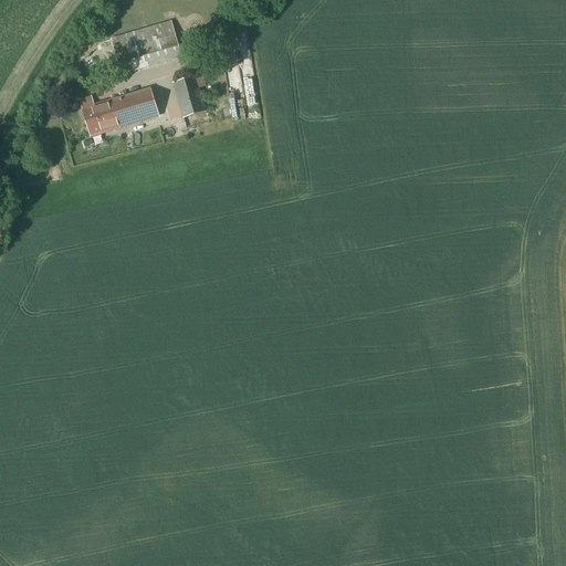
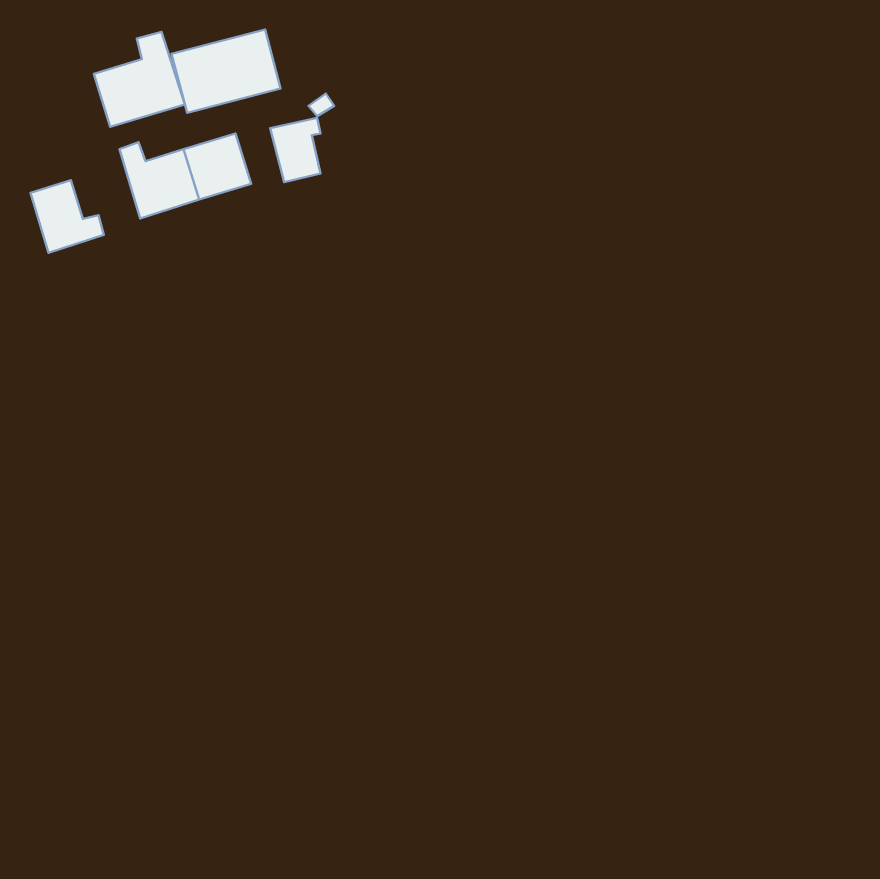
building: none -> [94,32,185,127]
building: none -> [31,180,104,253]

